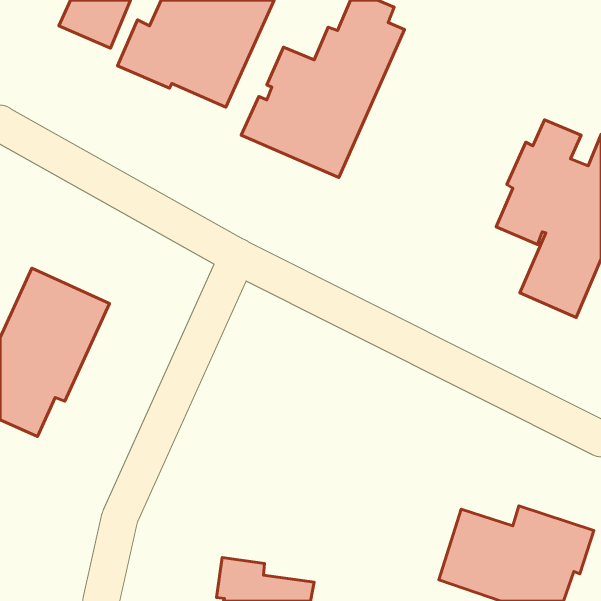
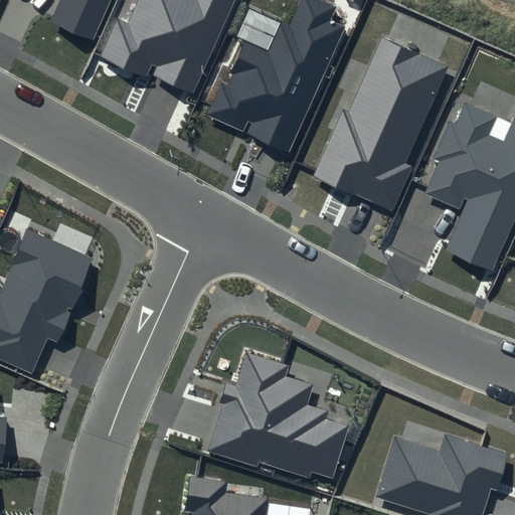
building: none -> [313,37,448,212]
building: none -> [208,353,350,480]

